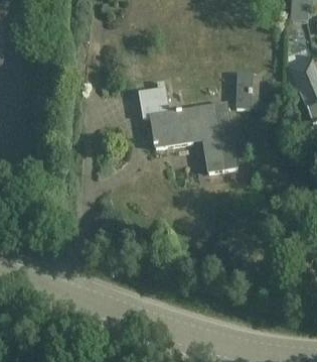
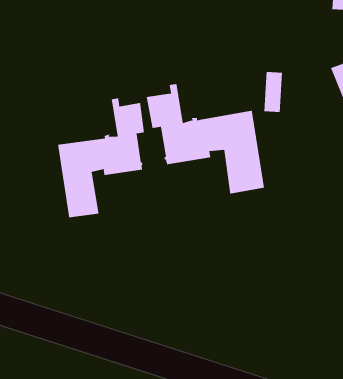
building: none -> [57,98,144,218]

